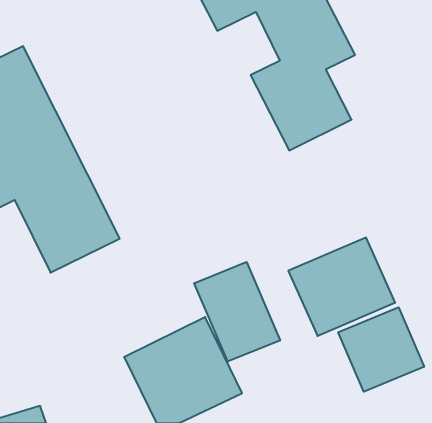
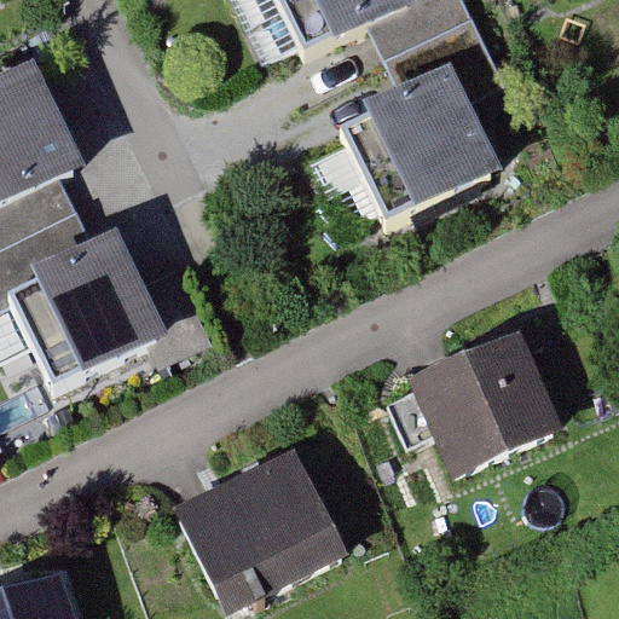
building: [194,262,280,362] -> none
building: [338,307,424,392] -> none

